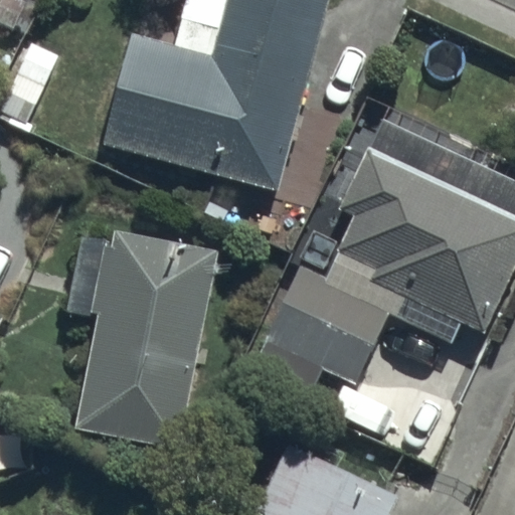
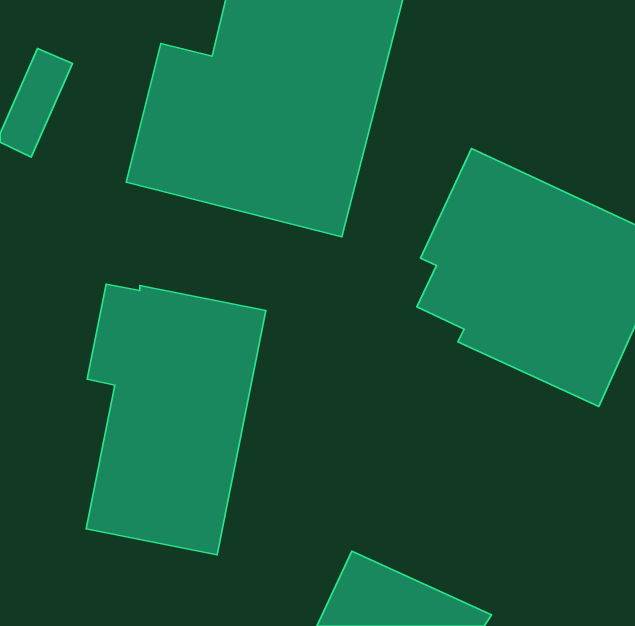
building: [249,262,392,394] -> none

